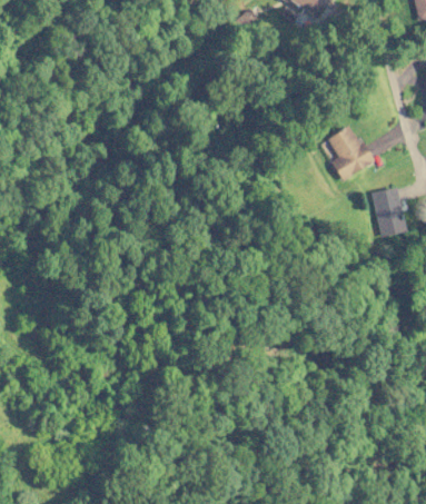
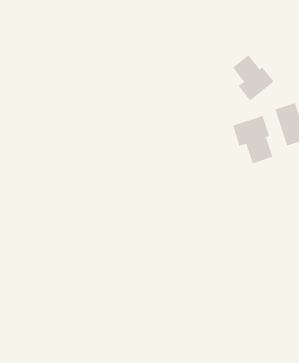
building: none -> [232,115,273,164]

